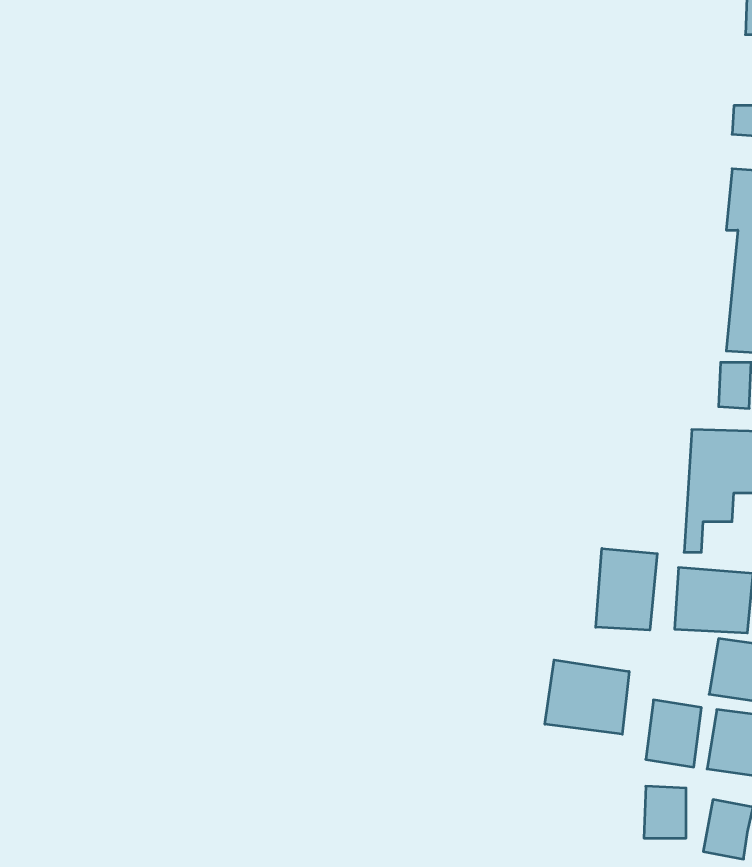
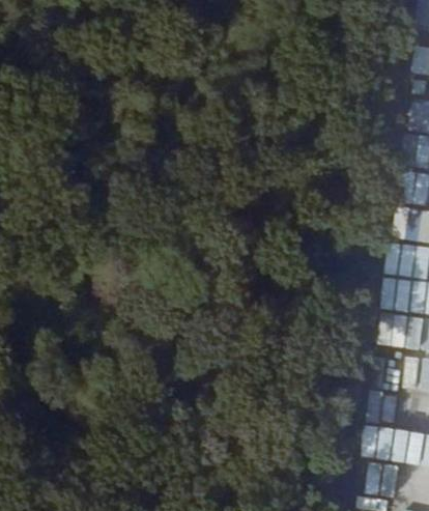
building: [596,548,657,630] -> none
building: [545,660,629,734] -> none

